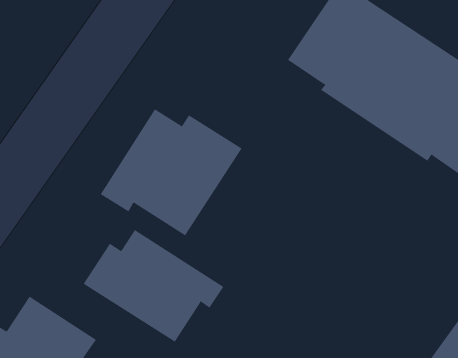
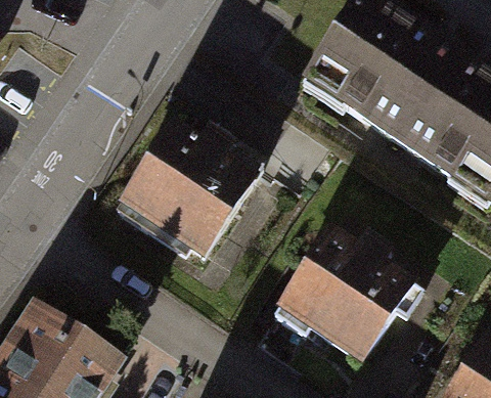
building: none -> [271,233,406,360]
building: [83,229,224,342] -> none

